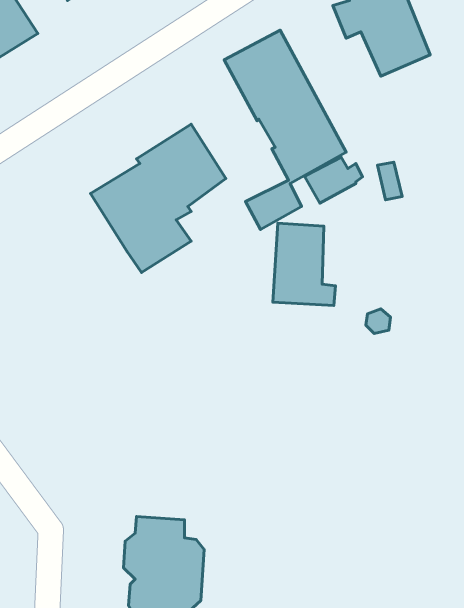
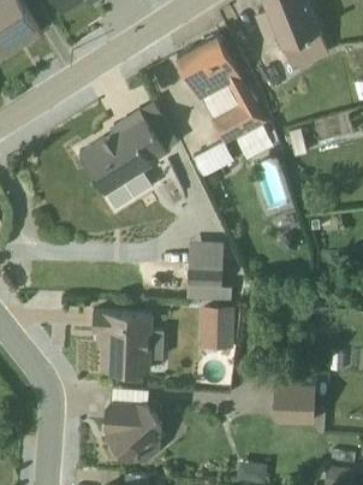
building: [273,223,335,305] -> [186,241,232,301]
building: none -> [200,306,234,349]
building: none -> [93,312,162,372]
building: none -> [274,380,315,422]

